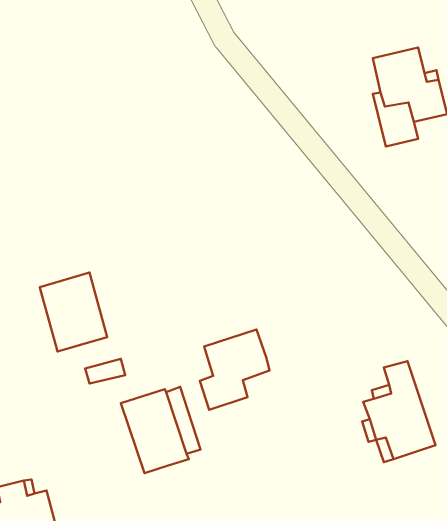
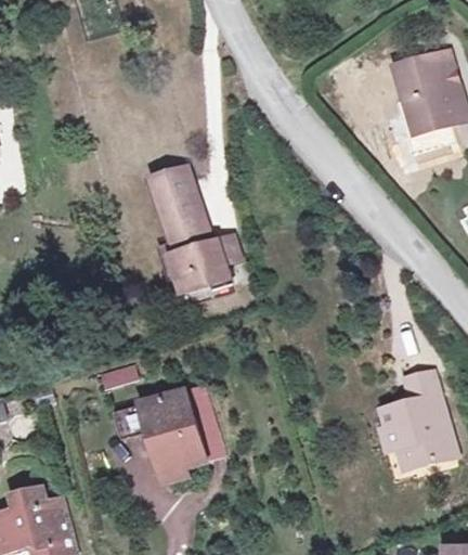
building: none -> [152,171,239,293]
building: [40,273,107,352] -> none
building: [200,329,269,410] -> none

